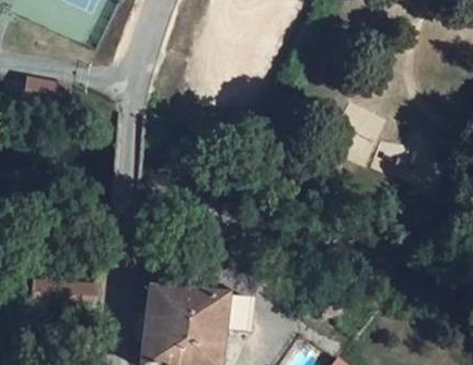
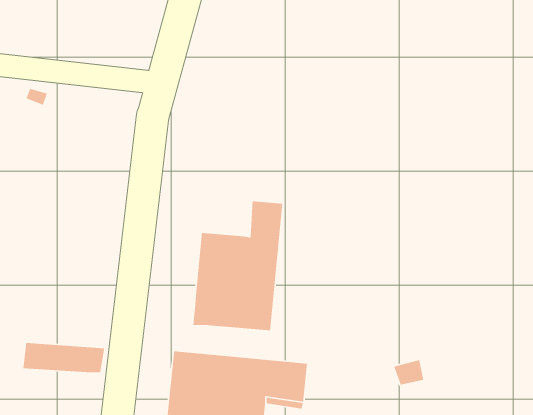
building: none -> [193,201,283,331]

